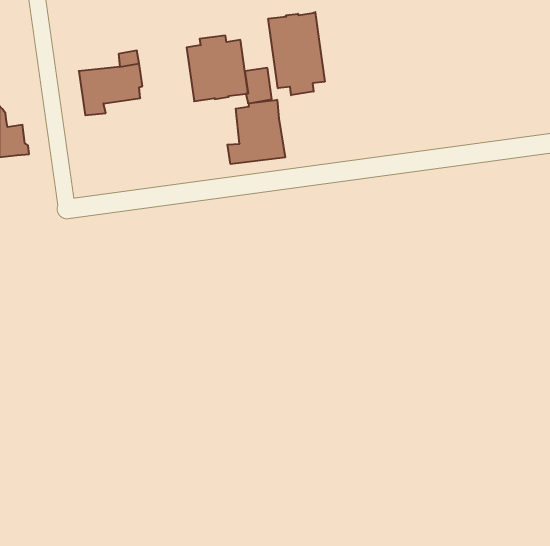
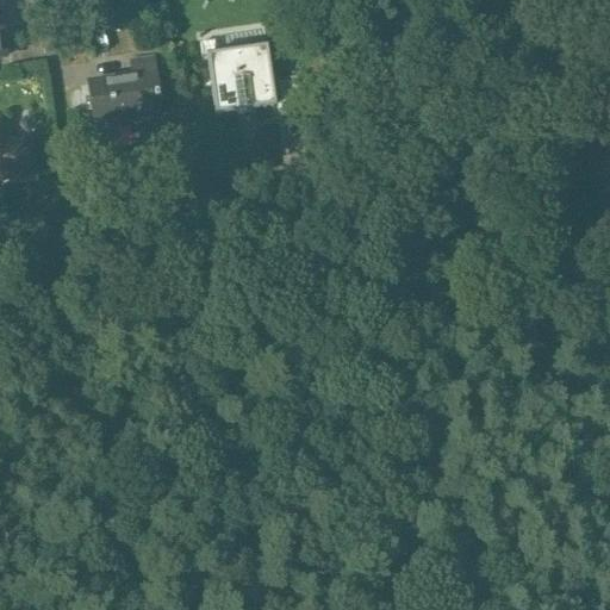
building: [268,12,325,95] -> none
building: [227,100,285,164] -> none

